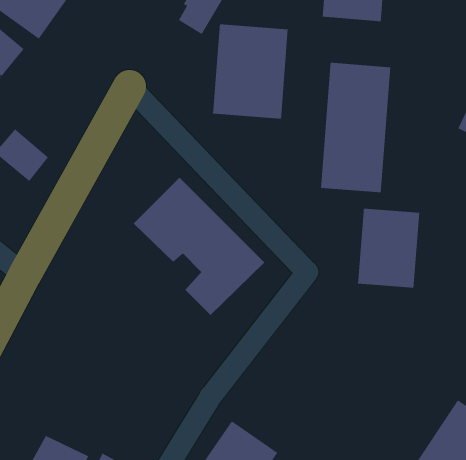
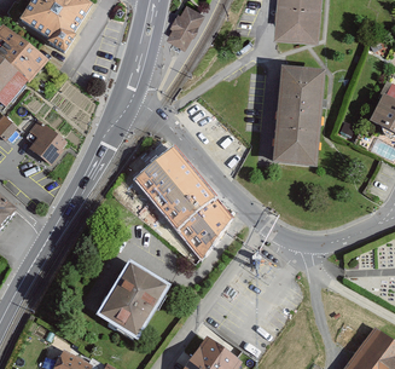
building: [212,24,288,120] -> none
building: [358,208,420,288] -> none
building: none -> [97,266,164,339]

